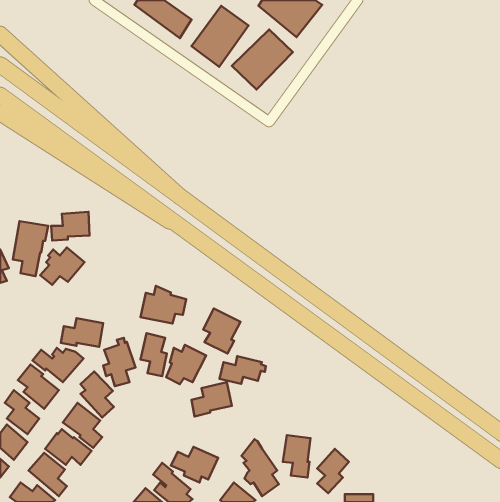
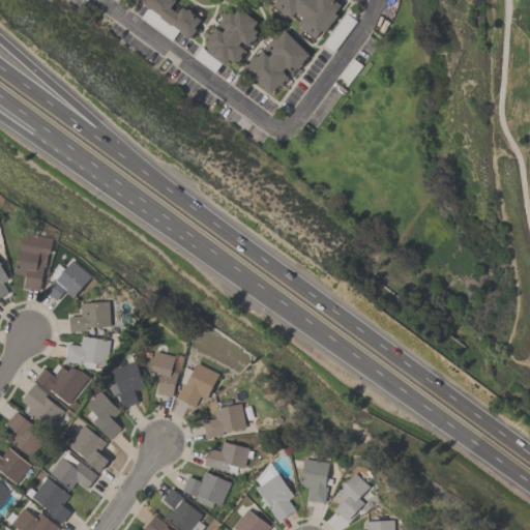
building: [51,212,89,240] -> [69,301,110,331]
building: [141,286,186,324] -> none
building: [203,308,240,353] -> none
building: [220,356,266,384] -> [205,442,254,471]

